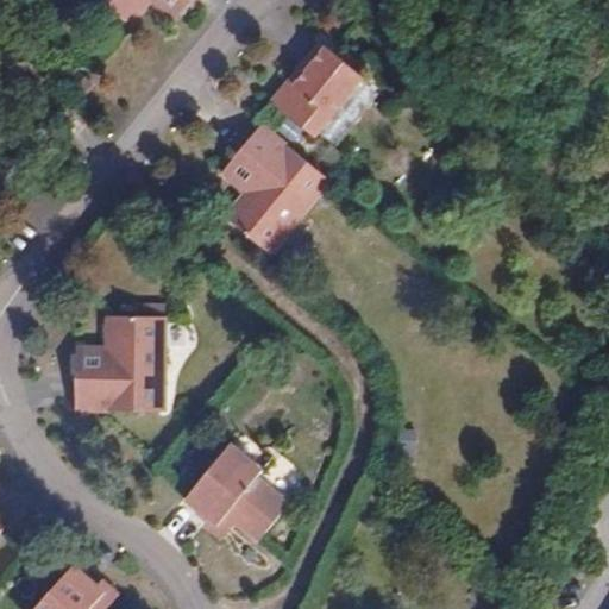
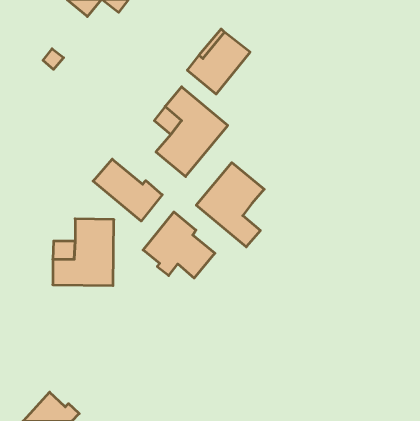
building: none -> [93,159,162,221]
building: none -> [196,163,264,247]
building: [183,445,287,540] -> [143,212,215,278]

